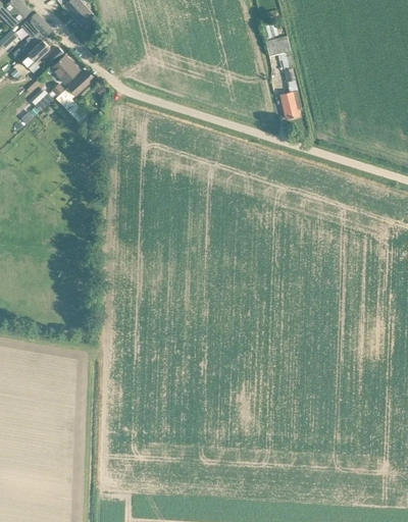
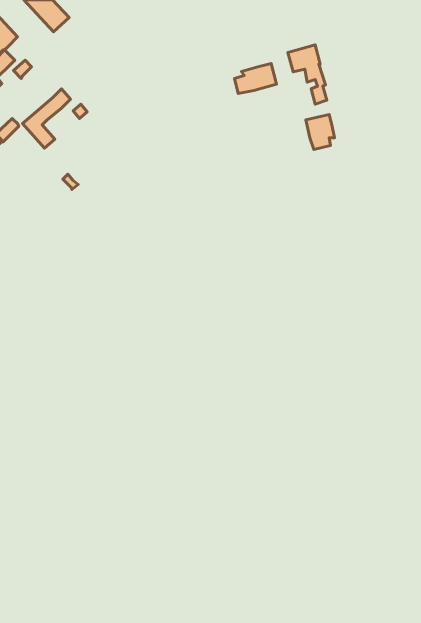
building: none -> [234,64,277,93]
building: [51,55,80,84] -> none

